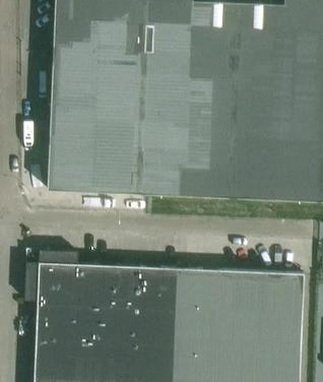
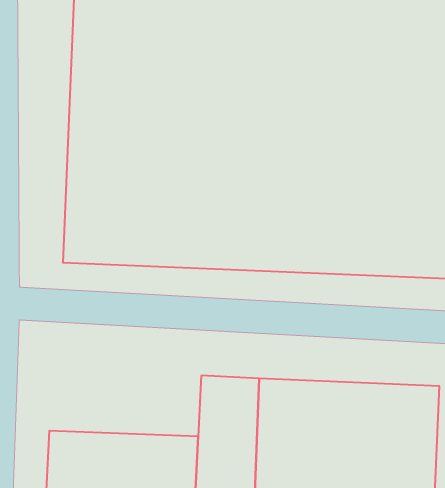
building: [24,250,141,308] -> none

